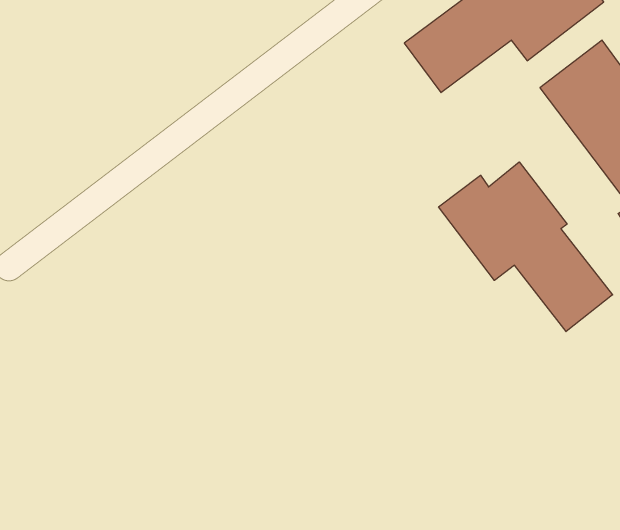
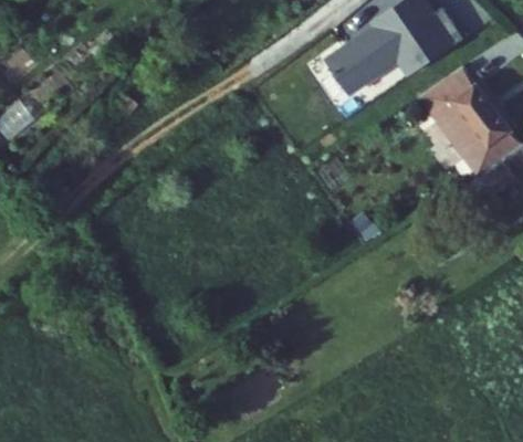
building: [439,162,613,332] -> none

